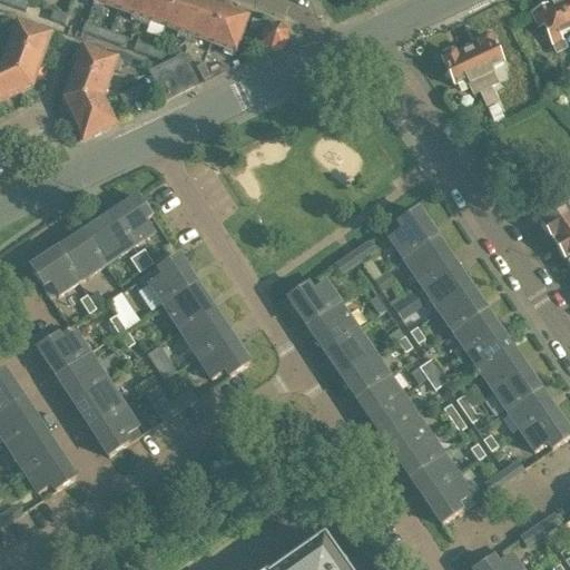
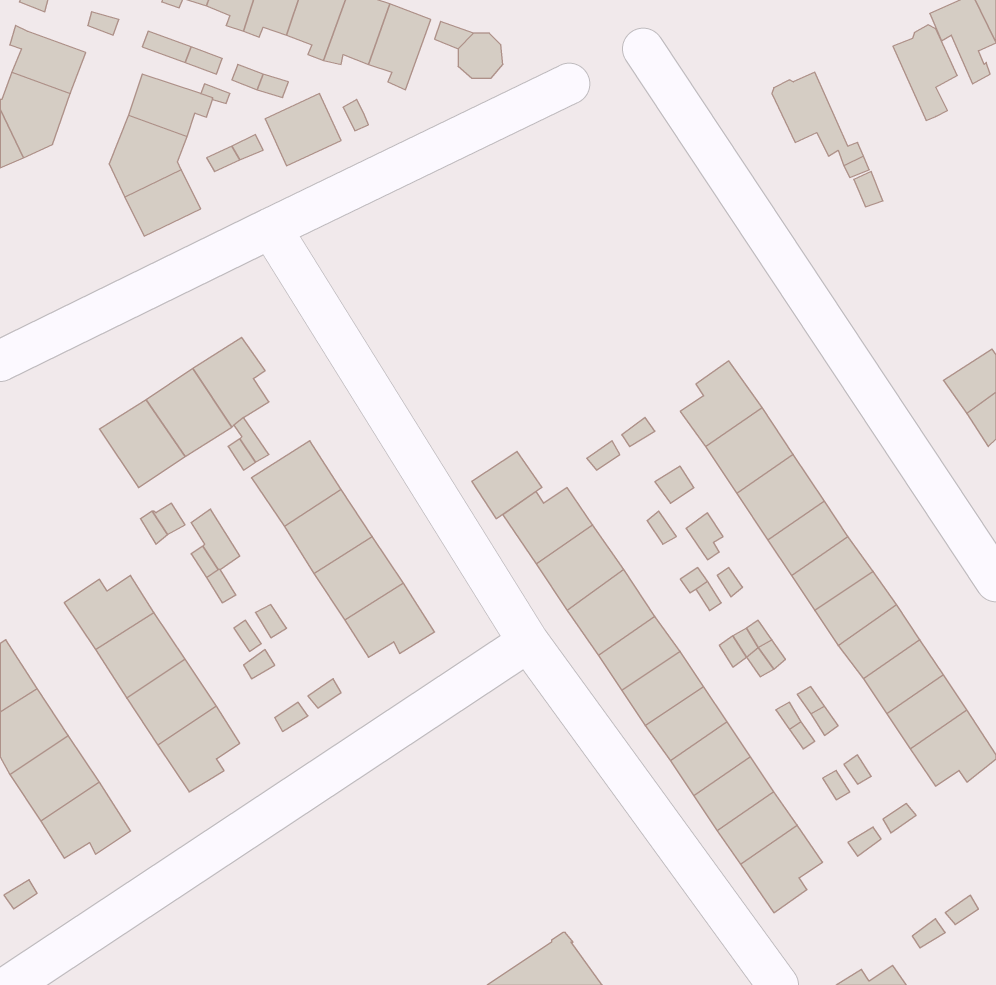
building: [465,29,502,83] -> [893,25,957,120]
building: [29,245,79,293] -> none
building: none -> [472,451,542,519]

